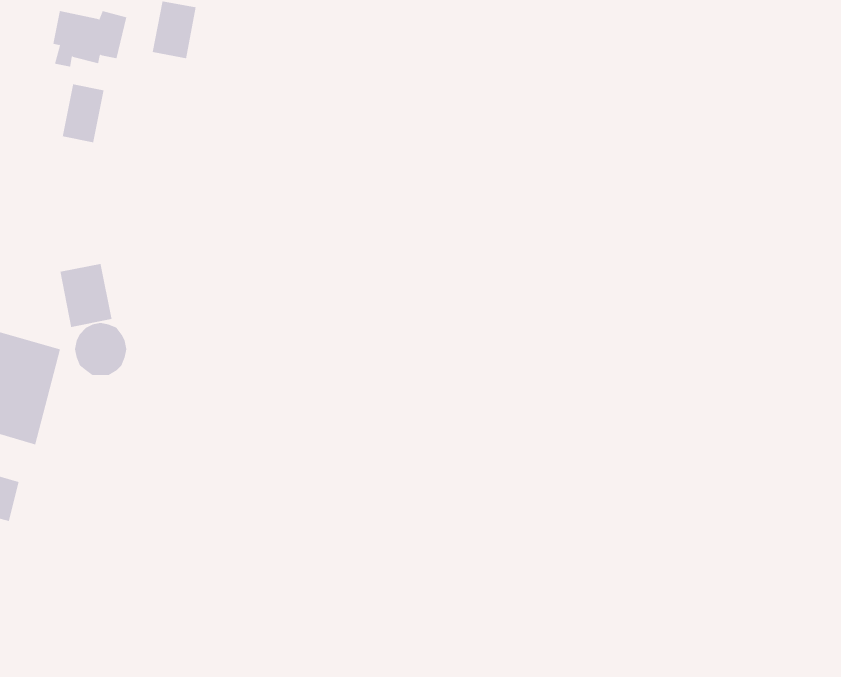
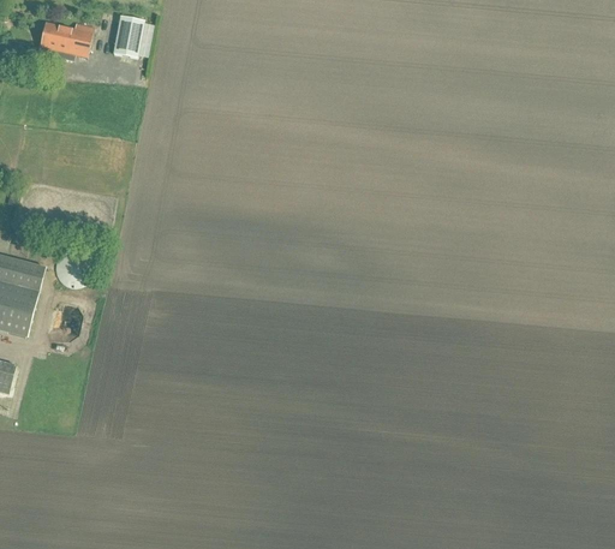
building: [62,84,104,143] -> none
building: [60,263,112,328] -> none

